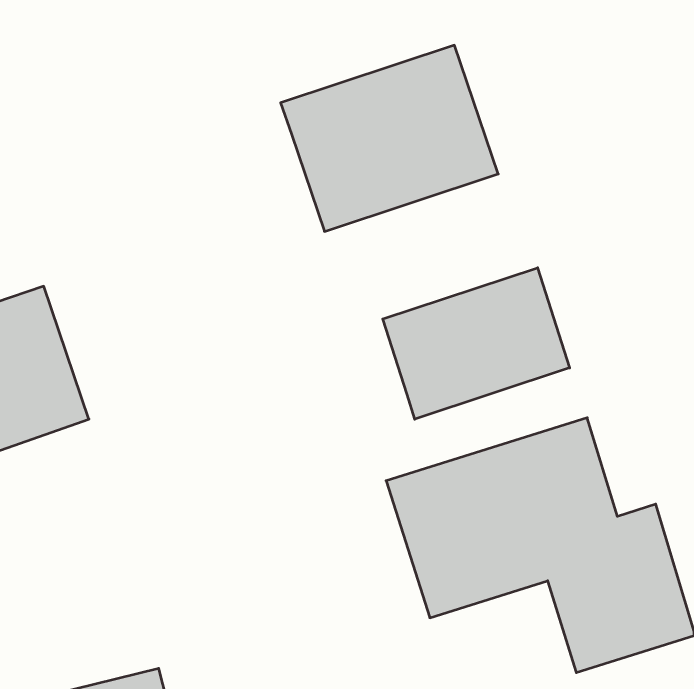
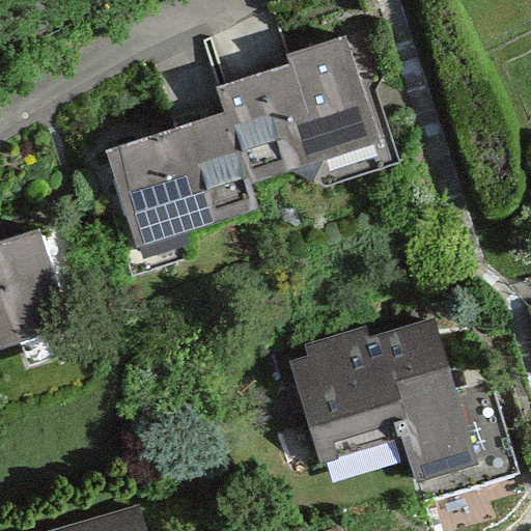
building: none -> [101,110,254,249]
building: [383,268,570,419] -> none

